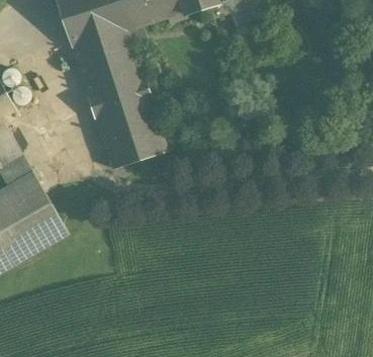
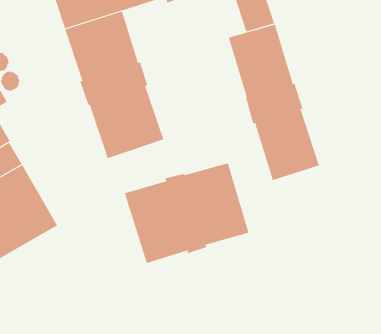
building: none -> [228,24,319,181]
building: none -> [124,162,249,264]

